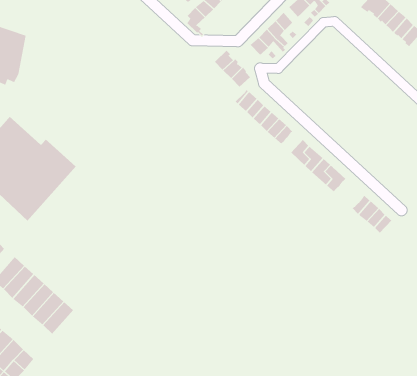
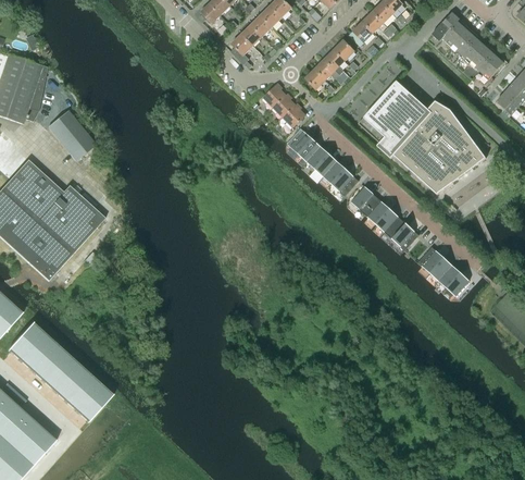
building: none -> [358,81,486,194]
building: none -> [48,110,96,160]
building: none -> [76,383,113,421]

